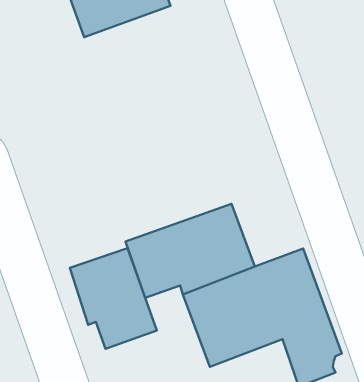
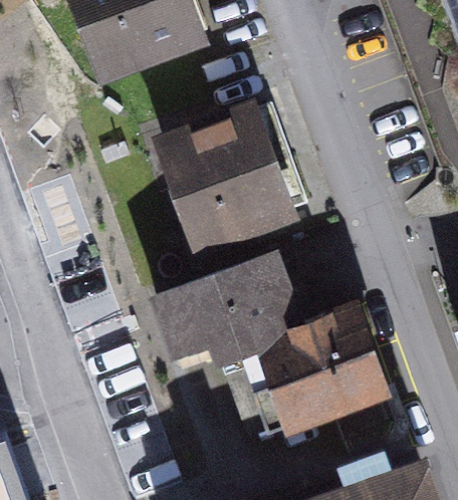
building: none -> [171,105,306,239]
building: [70,248,157,349] -> none

